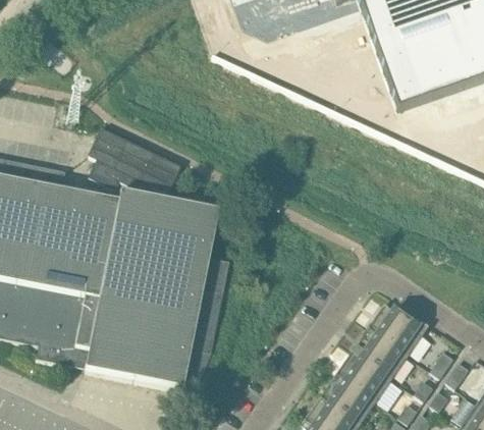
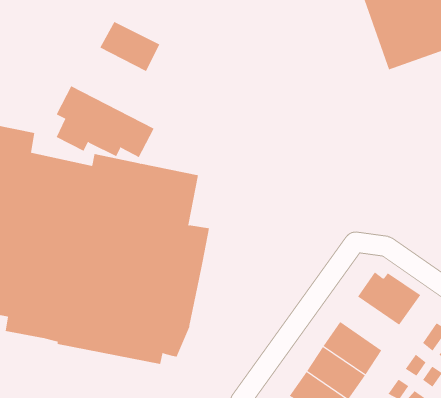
building: none -> [100,21,160,72]
building: [351,323,407,374] -> none

